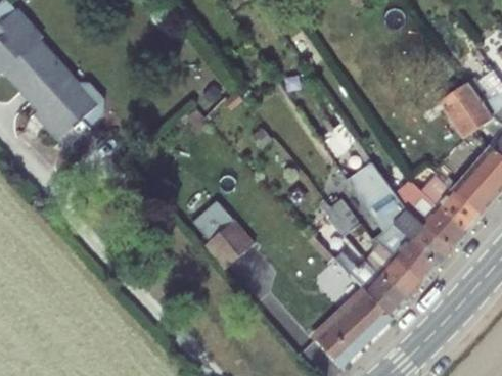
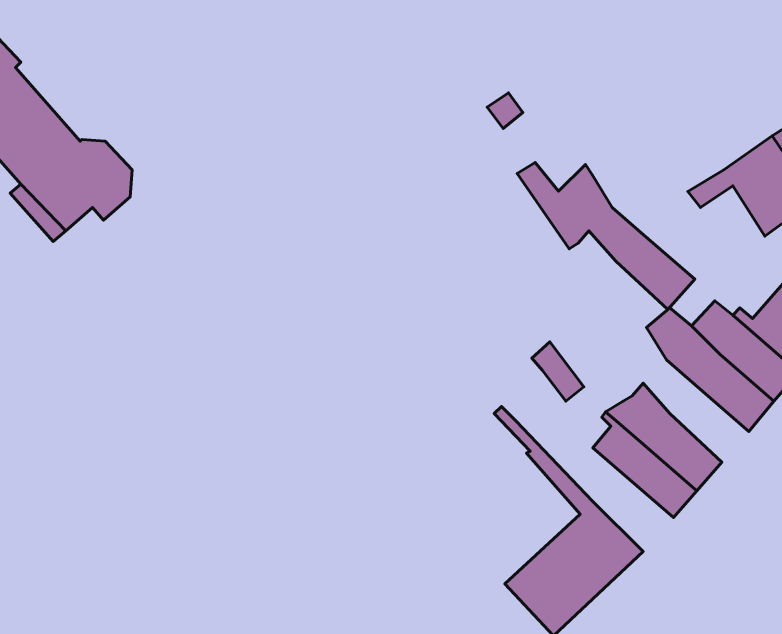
building: [353,181,454,265] -> [517,163,695,310]
building: [187,194,256,267] -> none
building: [321,235,411,316] -> none

